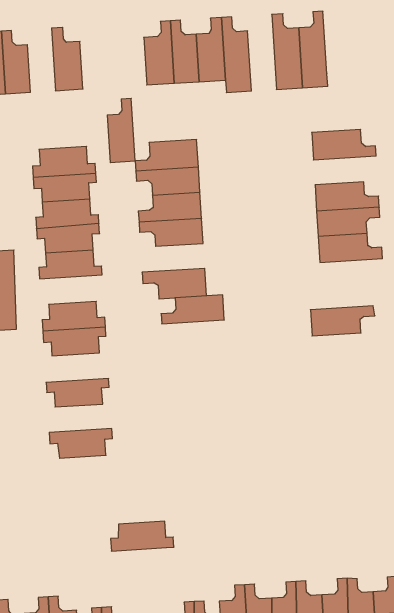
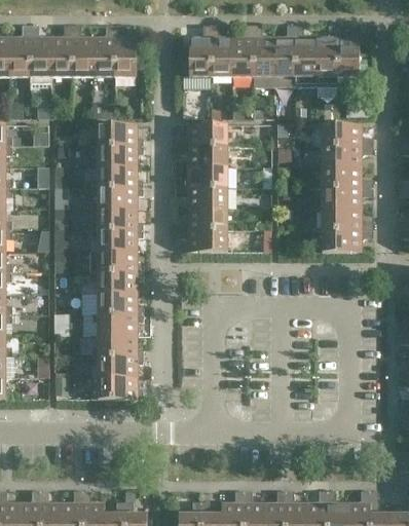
building: none -> [336,26,359,77]
building: none -> [273,26,294,87]
building: [107,98,135,163] -> [92,26,113,77]
building: none -> [321,147,372,167]
building: none -> [90,230,142,252]
building: [161,295,224,324] -> [175,210,226,230]
building: [310,306,375,336] -> [321,231,373,253]
building: none -> [90,294,142,315]
building: none -> [90,336,142,356]
building: [111,521,174,551] -> [90,378,142,400]

